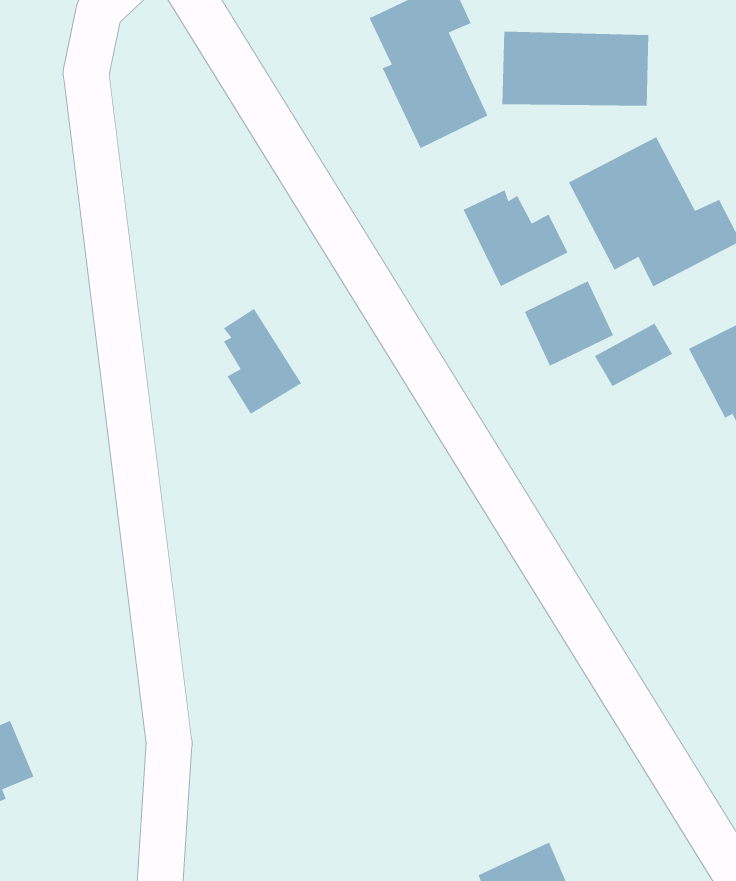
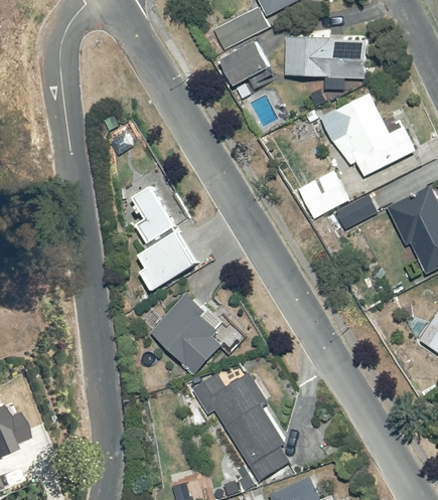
building: [463,189,568,287] -> none
building: none -> [139,230,196,291]
building: none -> [150,293,222,374]
building: none -> [191,372,291,484]

